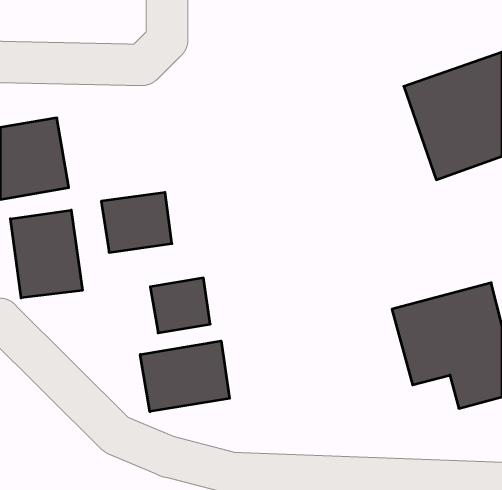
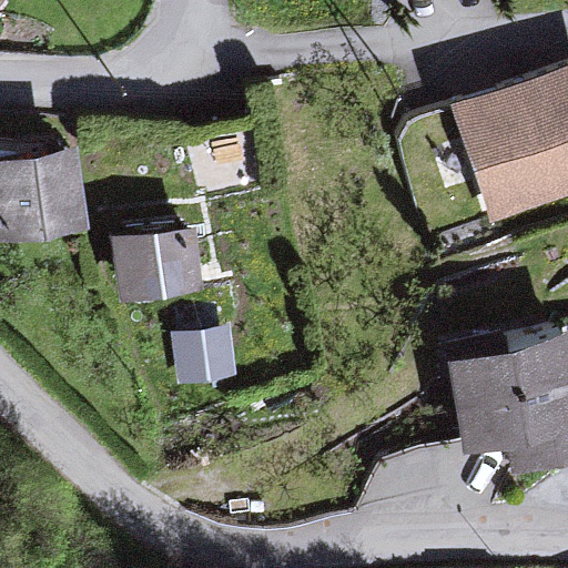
building: [10,210,82,298] -> none
building: [140,341,230,412] -> none

